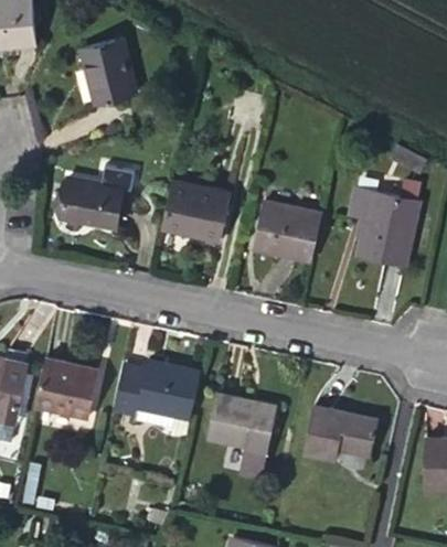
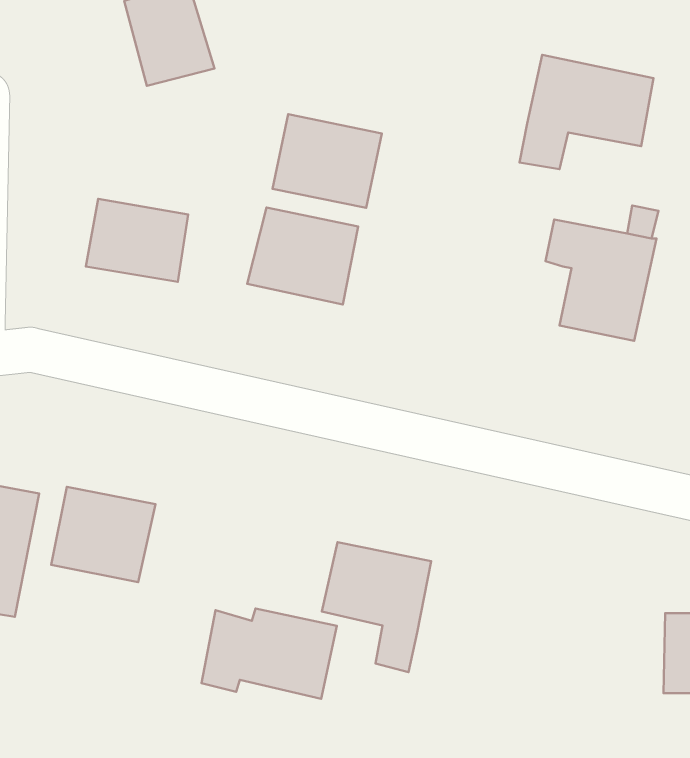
building: none -> [520,55,654,169]
building: [253,201,322,260] -> [273,114,382,208]
building: [114,363,200,420] -> [202,609,337,699]
building: [302,406,377,460] -> none

